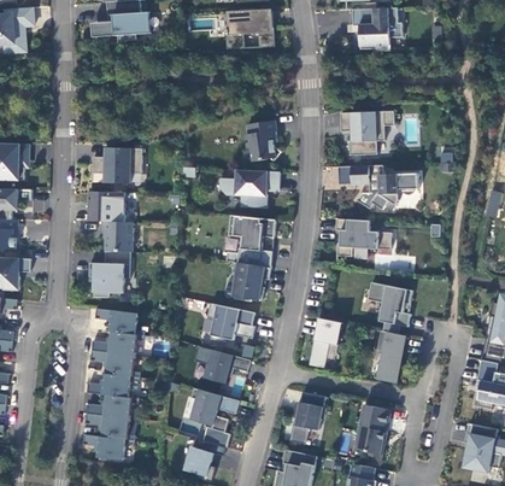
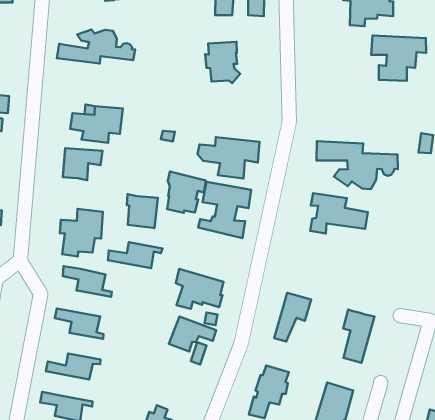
building: none -> [57,29,135,63]
building: [340,111,394,156] -> [371,35,426,81]
building: [245,121,281,162] -> [205,42,240,83]
building: [102,221,133,252] -> [127,194,158,228]
building: [233,262,270,301] -> [167,172,206,213]
building: [362,285,413,334] -> none
building: [92,332,145,356] -> [108,242,163,268]
building: [87,374,140,397] -> none
building: [190,388,239,433] -> none
building: [84,414,135,440] -> none

